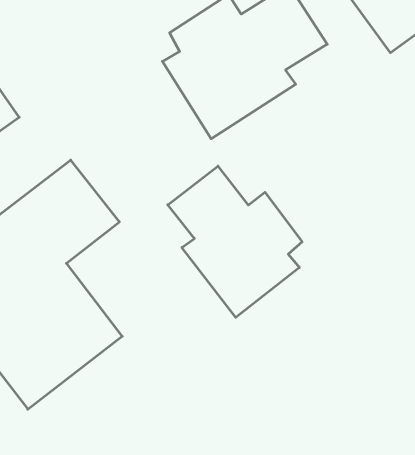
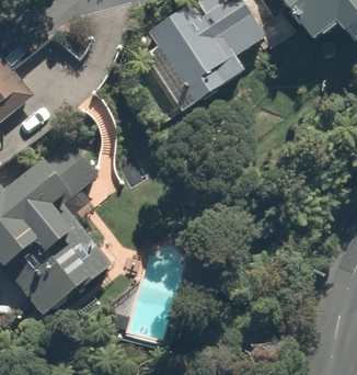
building: [168,166,302,317] -> none

